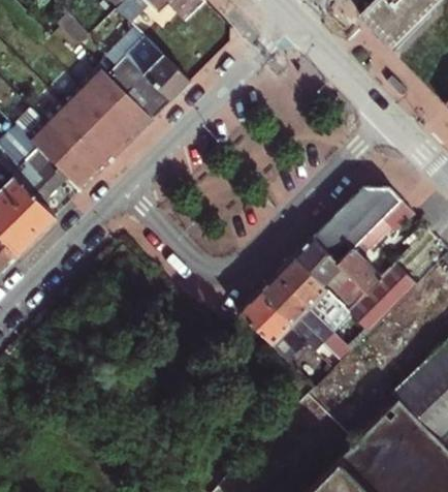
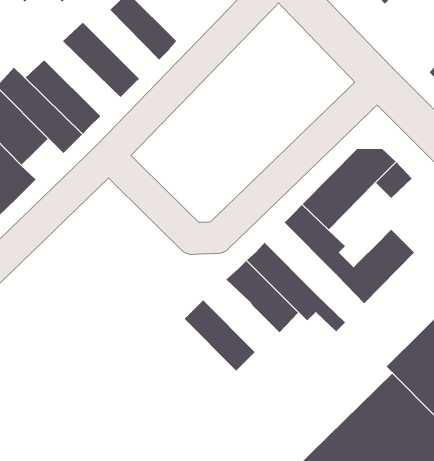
building: [109,52,175,118] -> none
building: [65,82,138,154] -> none
building: [339,248,383,293] -> none
building: [277,256,346,326] -> [184,300,256,371]

